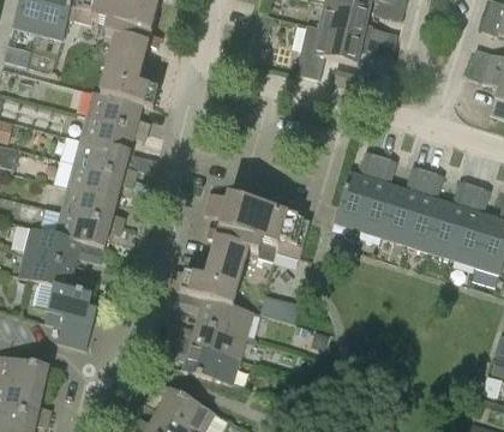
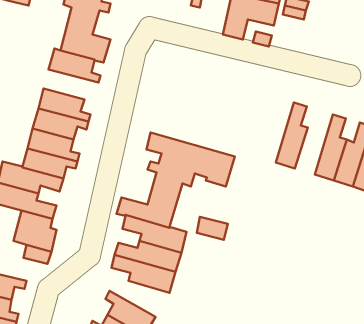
building: [80,116,146,152] -> none
building: [334,151,380,228] -> none
building: [382,166,427,242] -> none

